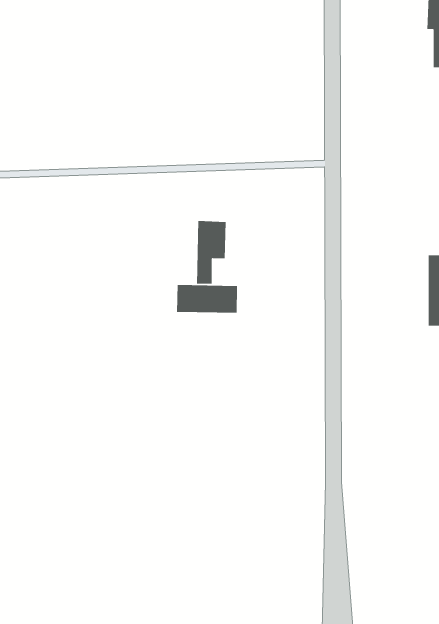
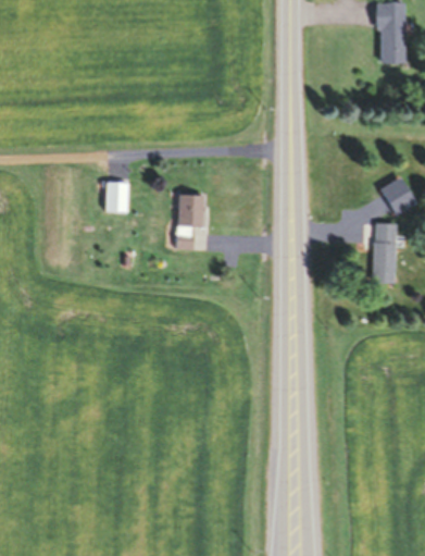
building: none -> [107,182,128,211]
building: [177,284,238,314] -> none

